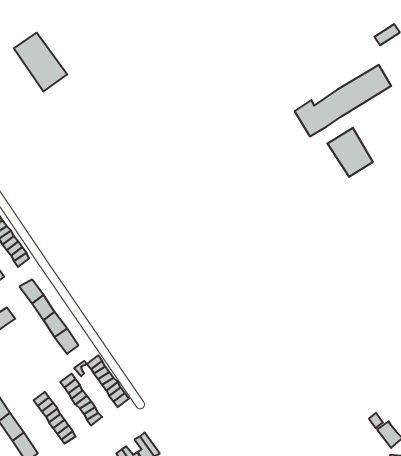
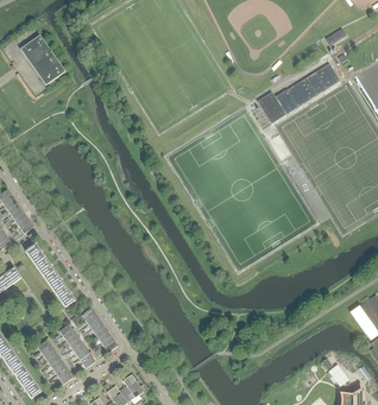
building: [327,128,373,177] -> none

